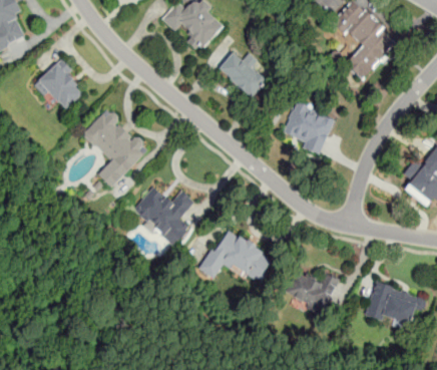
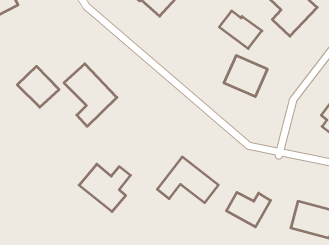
building: [216,50,270,97] -> [219,11,262,49]
building: [35,59,87,110] -> [17,66,59,107]
building: [131,187,195,246] -> [79,164,131,212]

